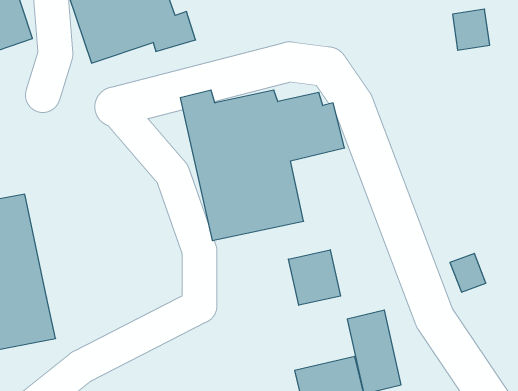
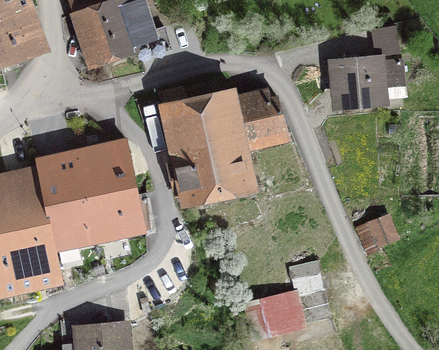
building: none -> [327,60,403,103]
building: none -> [36,141,145,249]
building: [288,250,341,305] -> none

